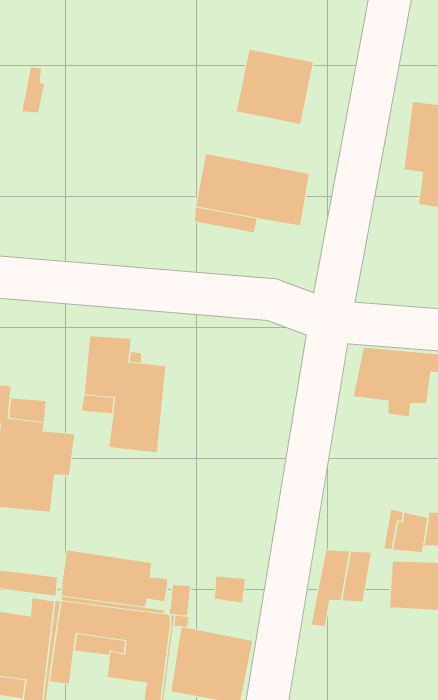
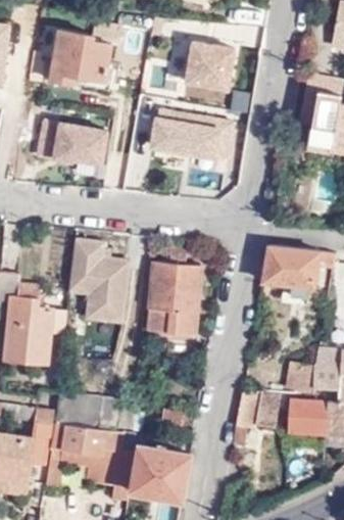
building: none -> [48,26,116,92]
building: none -> [32,116,106,167]
building: none -> [149,246,201,335]

